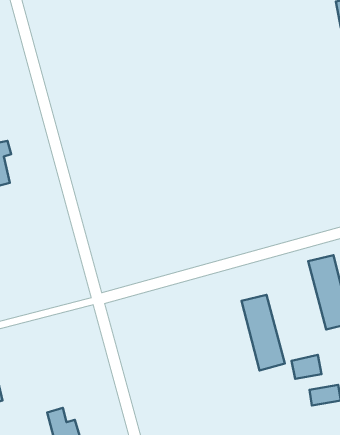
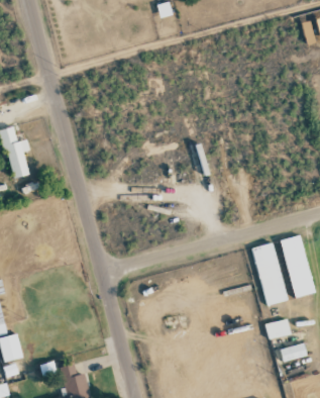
building: [241,295,285,371] -> [251,241,288,305]

